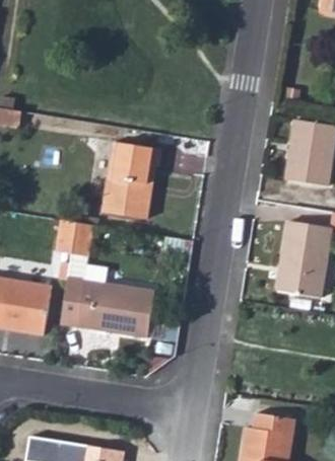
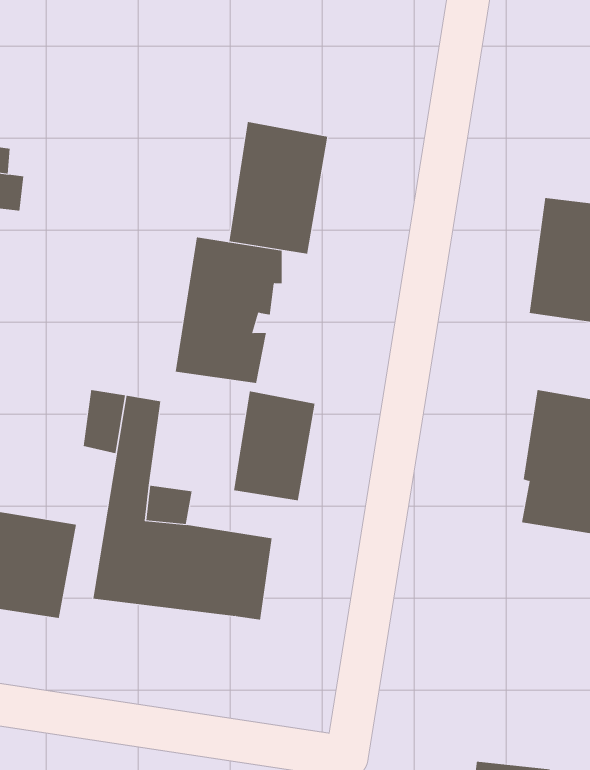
building: none -> [229,121,328,254]
building: none -> [233,390,315,501]

